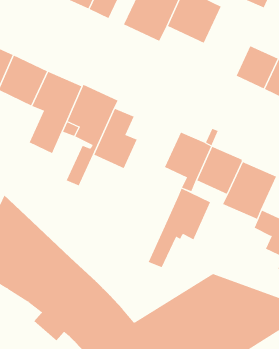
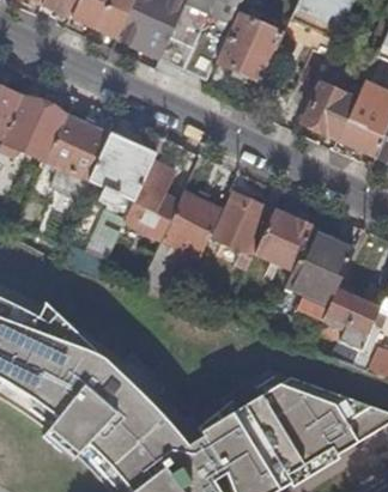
building: [148,188,211,268] -> [140,190,219,291]

